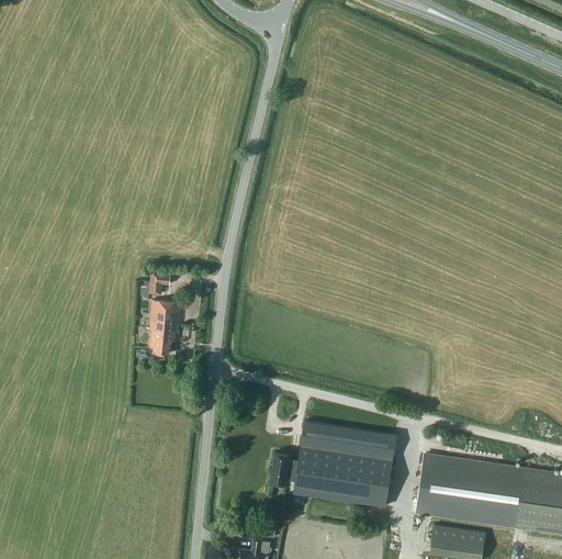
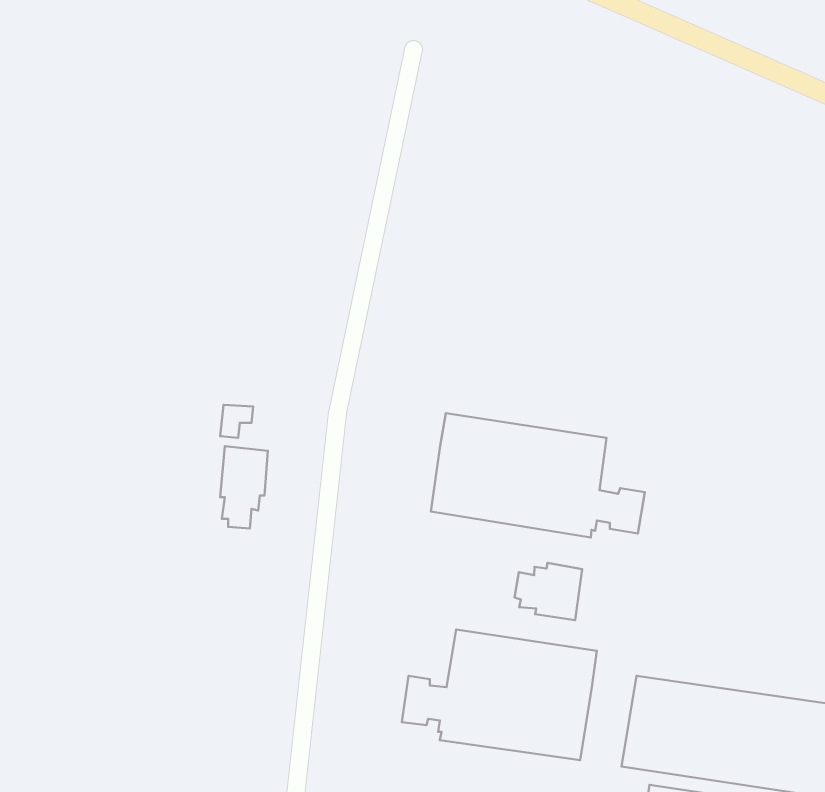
building: none -> [431,413,645,537]
building: none -> [515,563,582,620]

